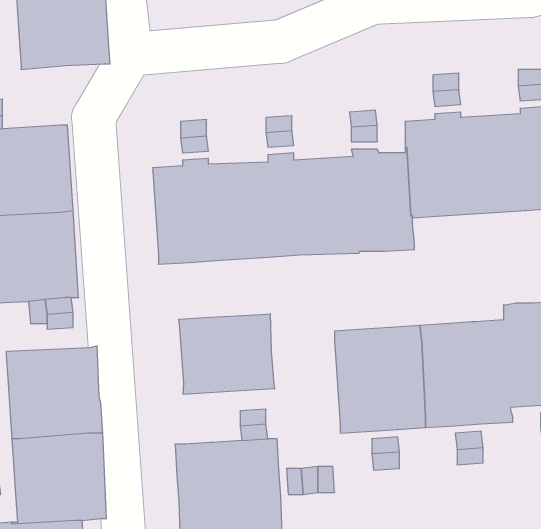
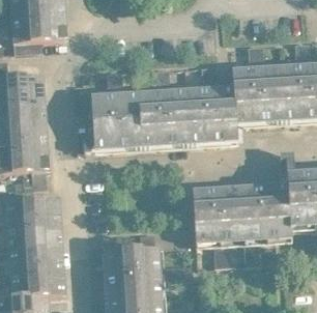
building: [179,314,275,394] -> none

